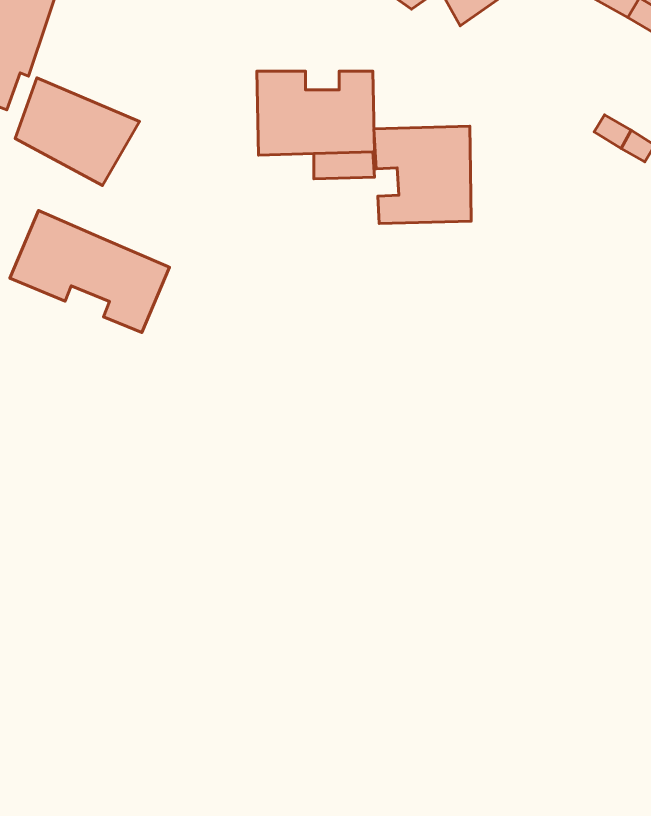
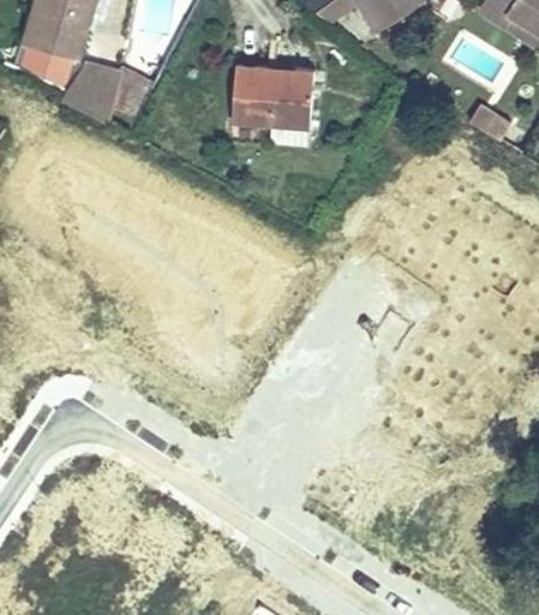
building: [374,126,471,224] -> none
building: [10,211,170,332] -> none

